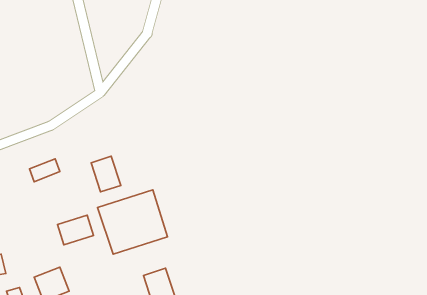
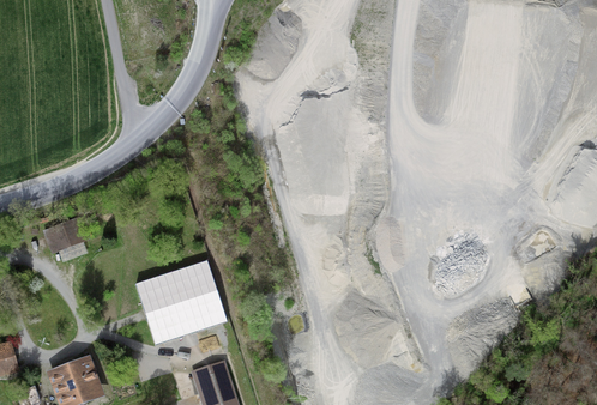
building: [91,156,121,192] -> none
building: [57,215,93,245] -> none

